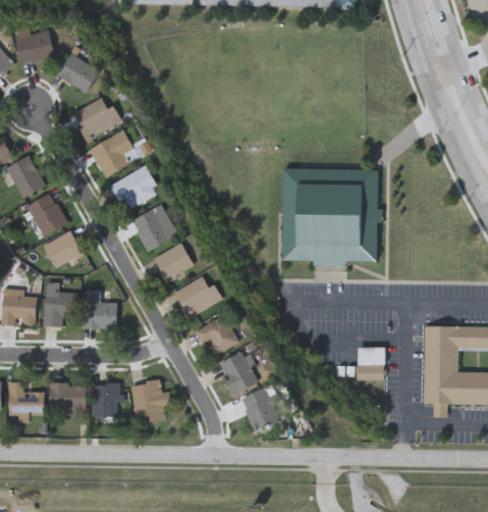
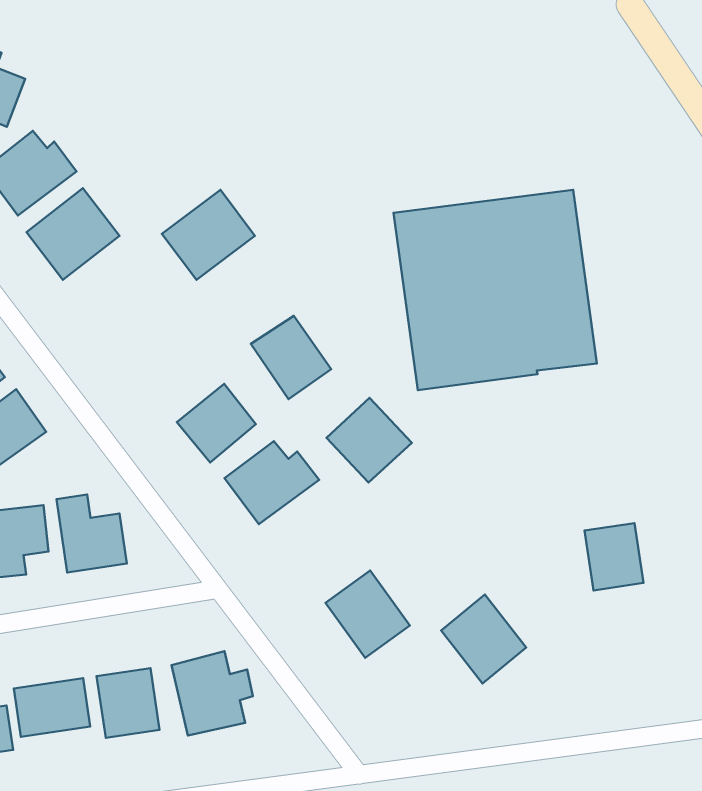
building: [111,166,159,211] -> [162,190,255,280]
building: [131,208,171,251] -> [251,316,331,399]
building: [196,314,239,358] -> [326,398,412,483]
building: [239,386,282,431] -> [441,595,526,683]

